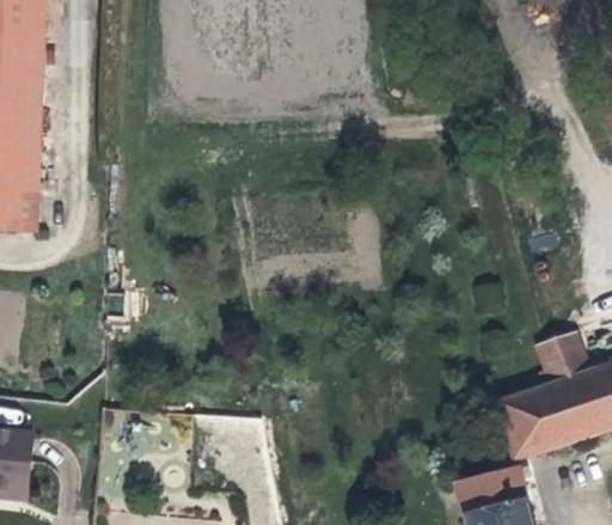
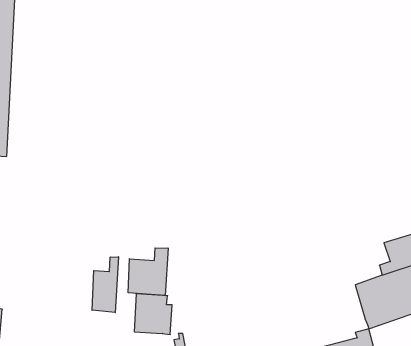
building: none -> [128,248,168,296]
building: none -> [92,257,118,313]

